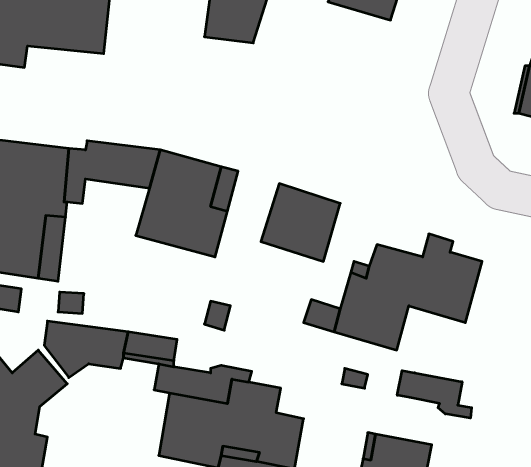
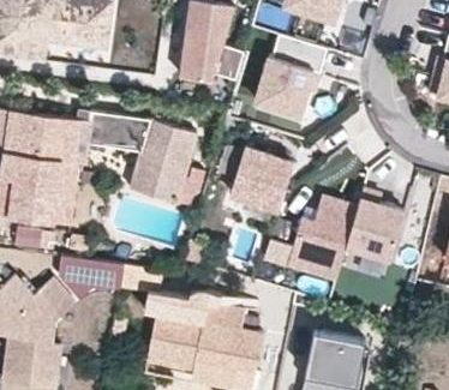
building: none -> [179,34,244,82]
building: none -> [253,34,325,114]
building: [397,371,472,418] -> none

